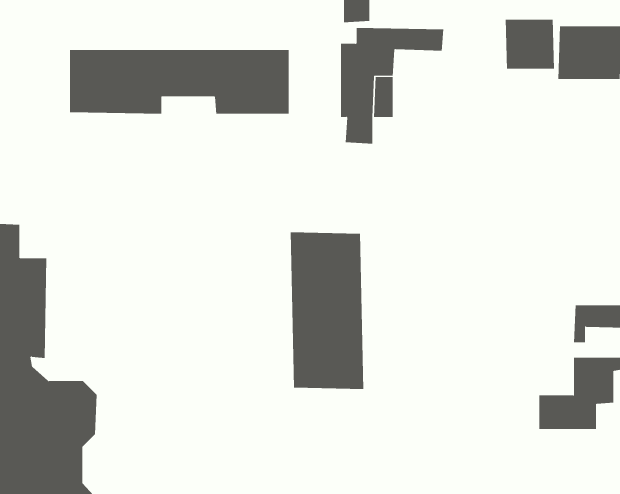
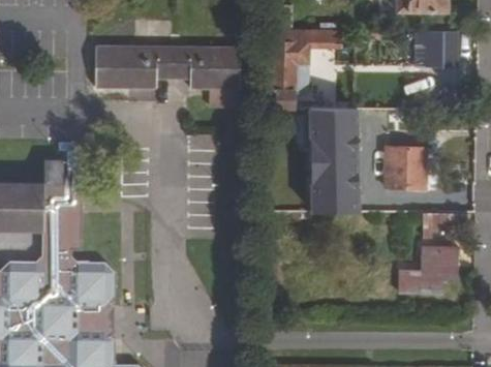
building: [505,19,554,69] -> none
building: none -> [385,147,425,190]
building: [290,232,364,390] -> [309,108,358,211]

